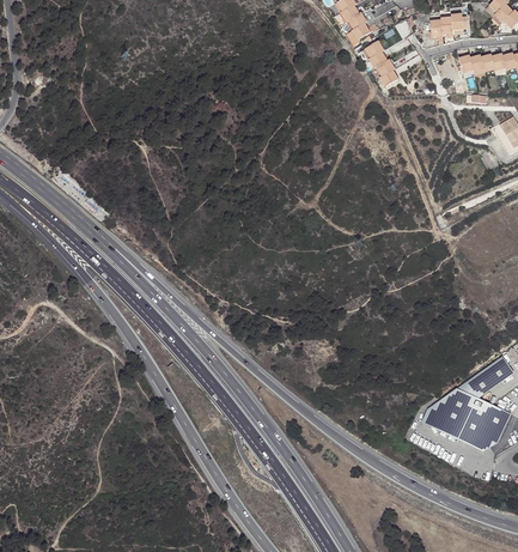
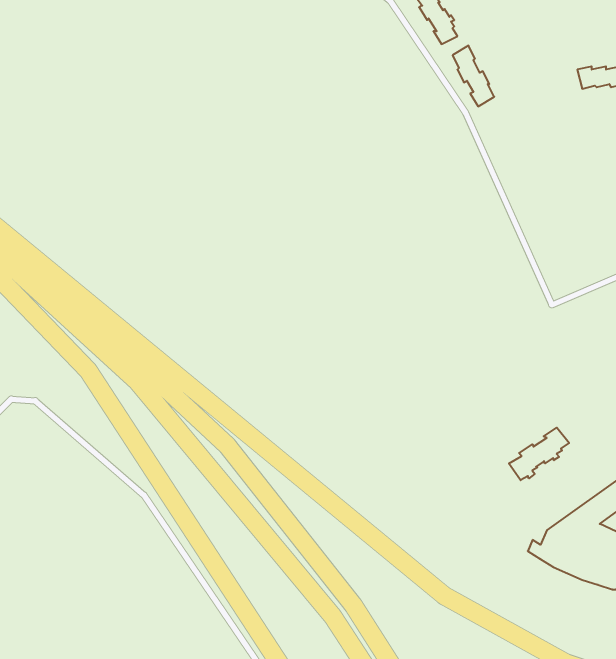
building: [429,16,467,38] -> none
building: none -> [509,428,569,480]

